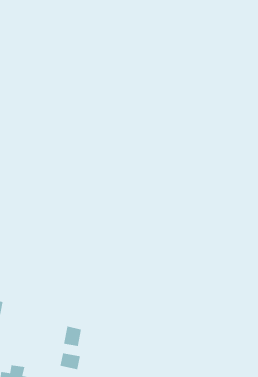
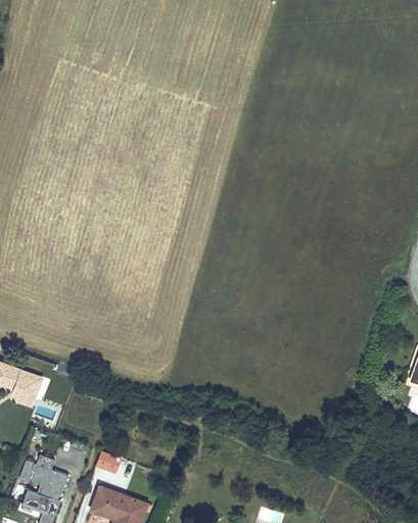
building: [63,326,82,347] -> none

